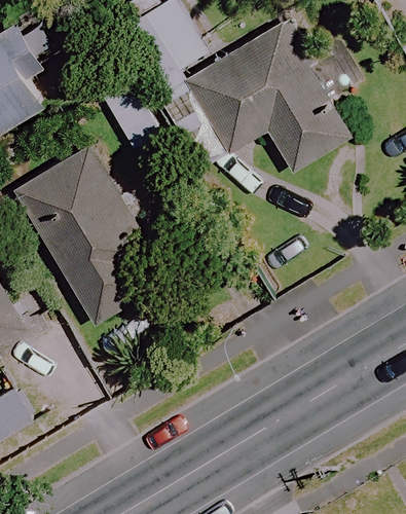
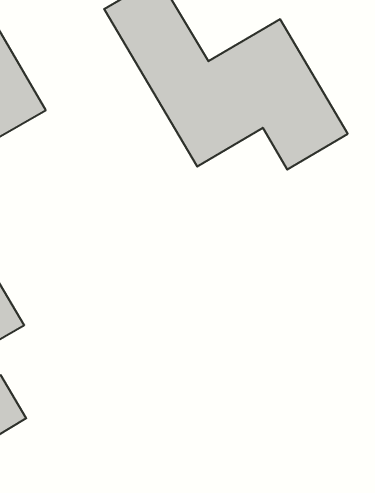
building: [14,143,155,323] -> none

